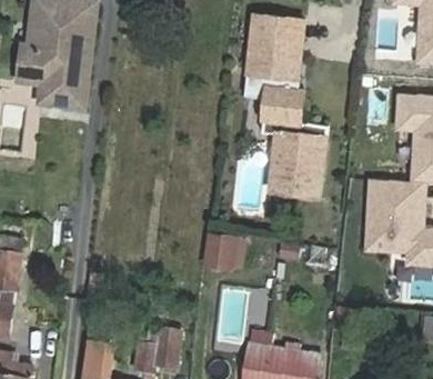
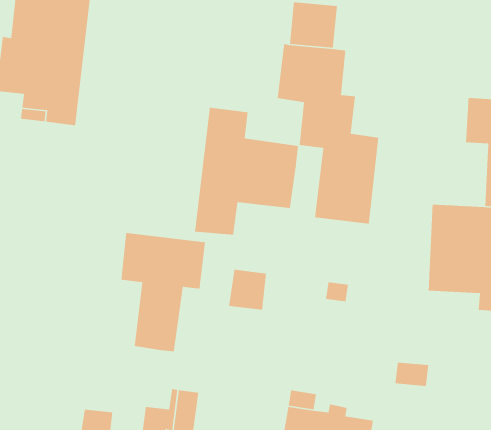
building: none -> [194,107,299,235]
building: none -> [121,232,206,352]

